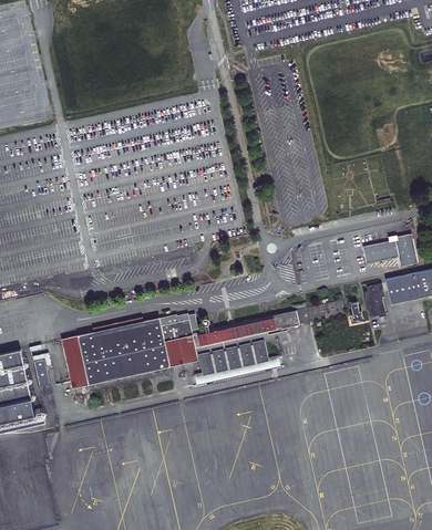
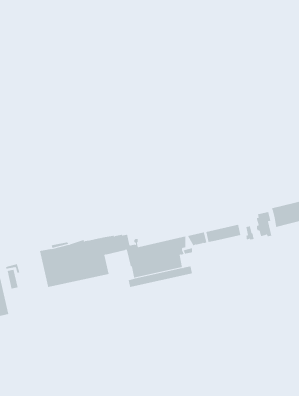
building: [361,235,416,268] -> none
building: [164,335,197,367] -> none
building: [61,336,88,389] -> none

